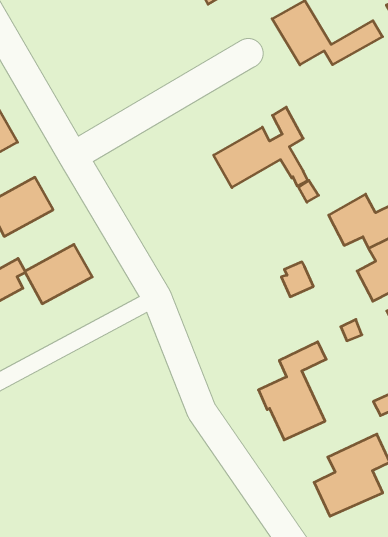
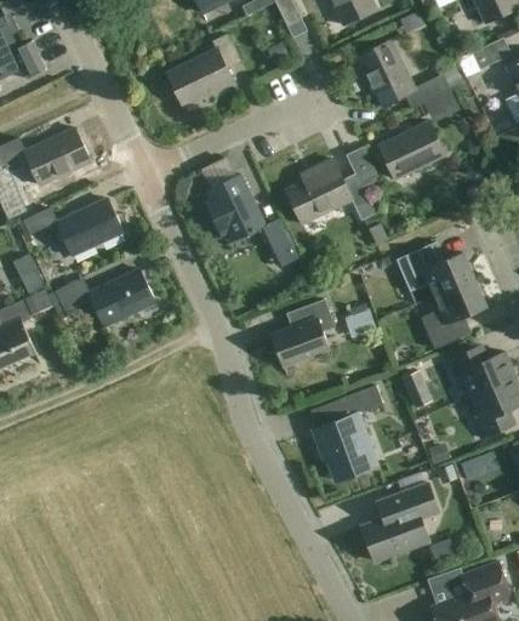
building: none -> [167,35,243,108]
building: none -> [378,123,445,180]
building: none -> [206,176,293,258]
building: none -> [272,300,335,366]

